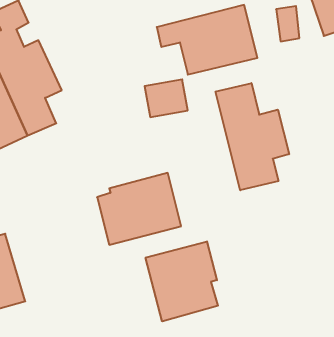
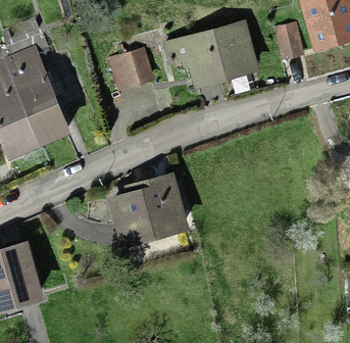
building: [145,79,188,117] -> [110,51,150,86]
building: [216,83,289,190] -> none
building: [146,241,218,321] -> none

